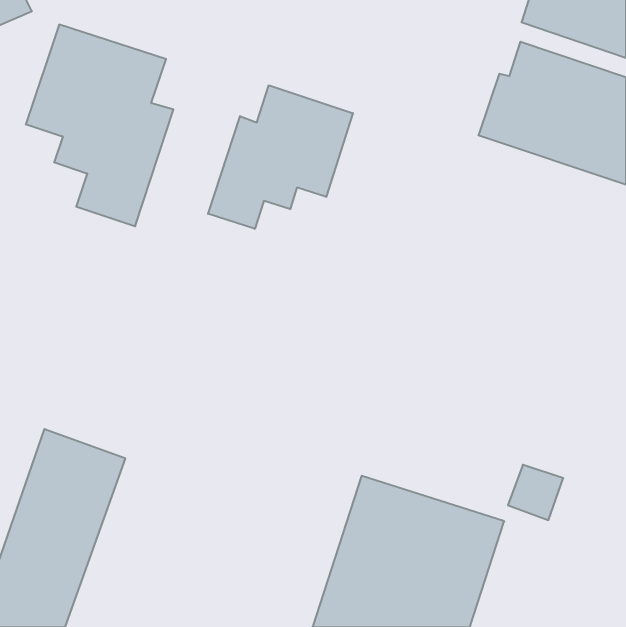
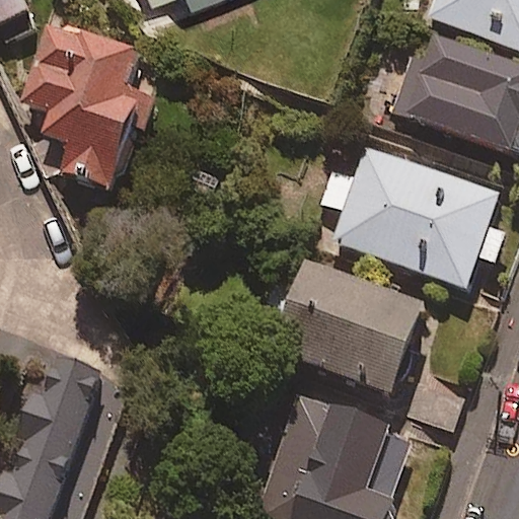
building: [208,85,353,229] -> none
building: none -> [320,147,504,286]
building: none -> [273,260,422,391]

